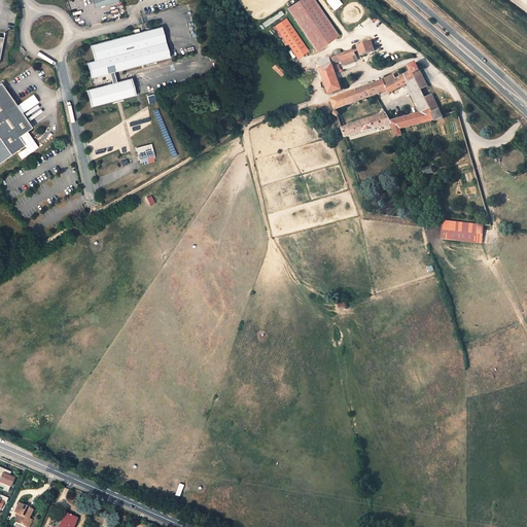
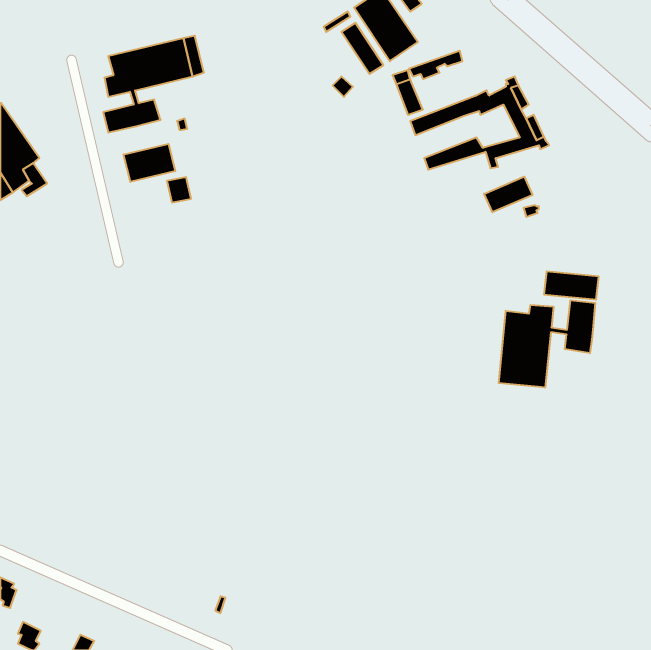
building: none -> [124,144,175,182]
building: none -> [484,177,532,212]
building: none -> [499,300,595,388]

